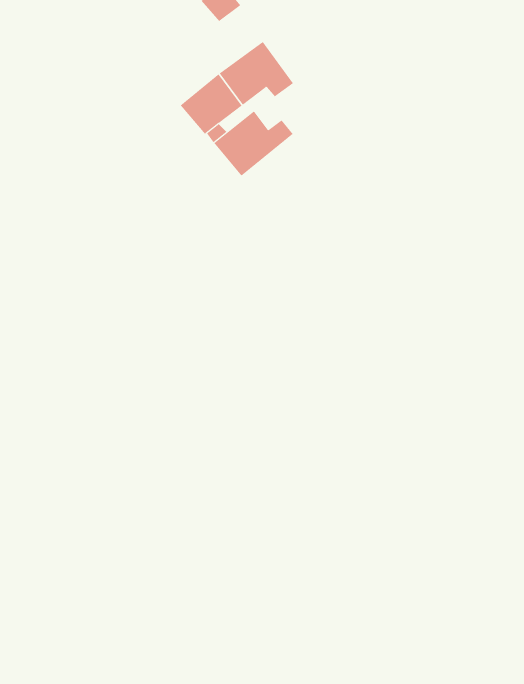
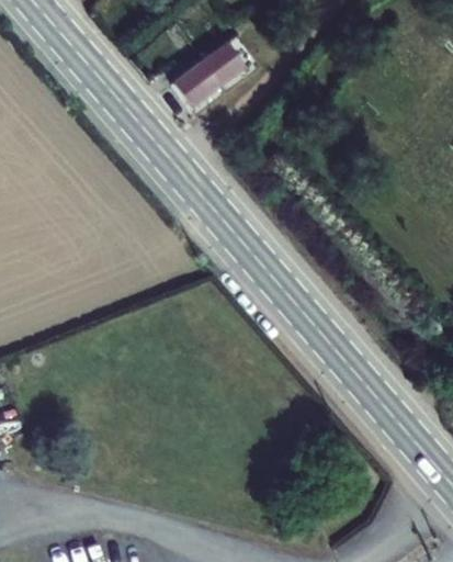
building: [214,110,294,177] -> none

